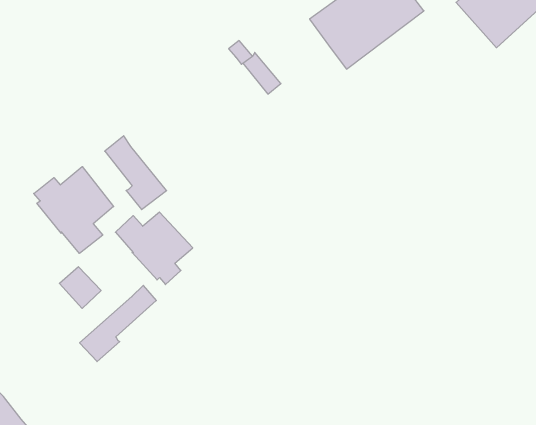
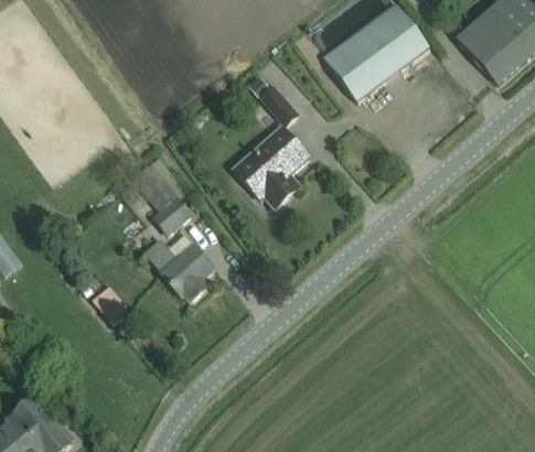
building: none -> [238,131,309,207]
building: [34,167,114,253] -> none
building: [80,285,156,362] -> none

